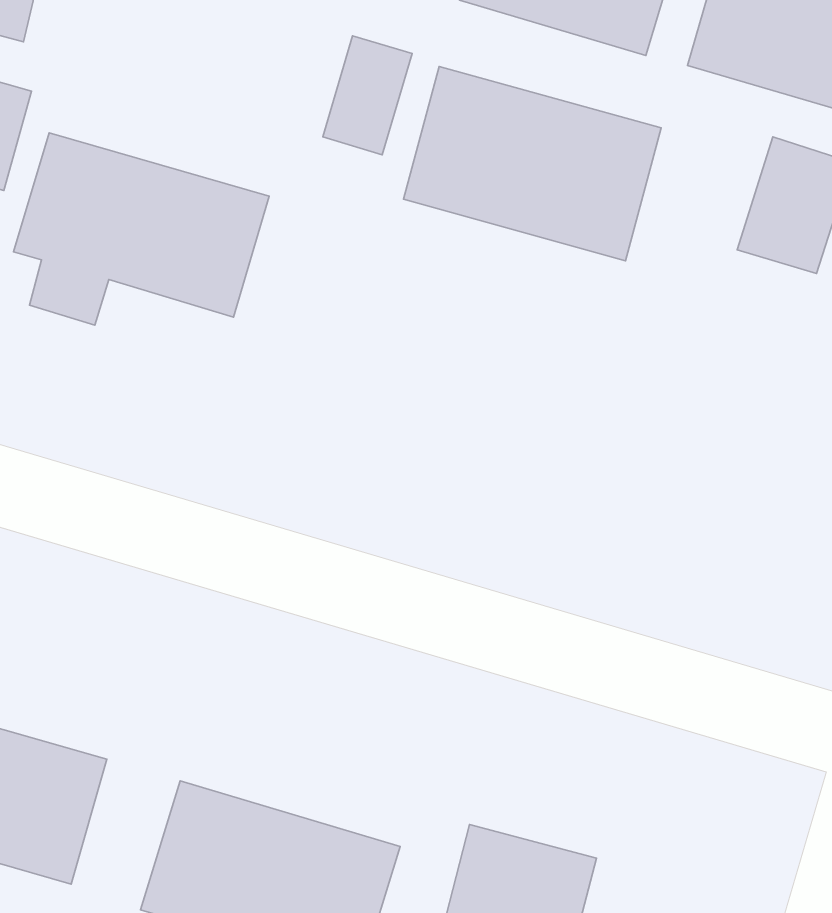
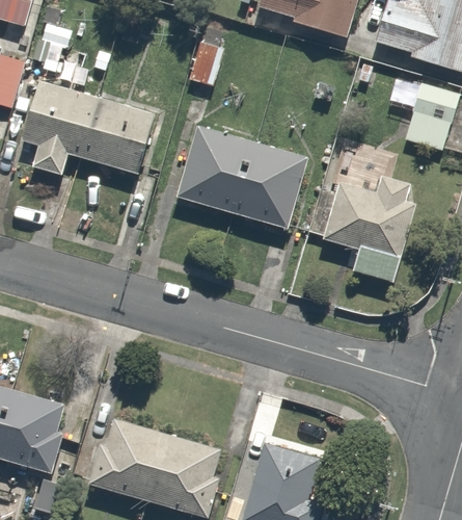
building: [404,67,661,261] -> [175,125,310,227]
building: none -> [318,160,419,281]

